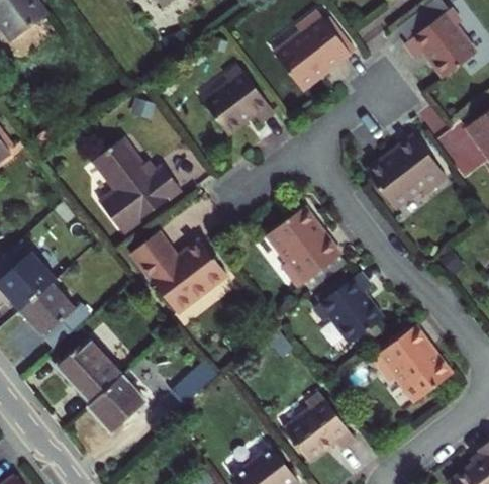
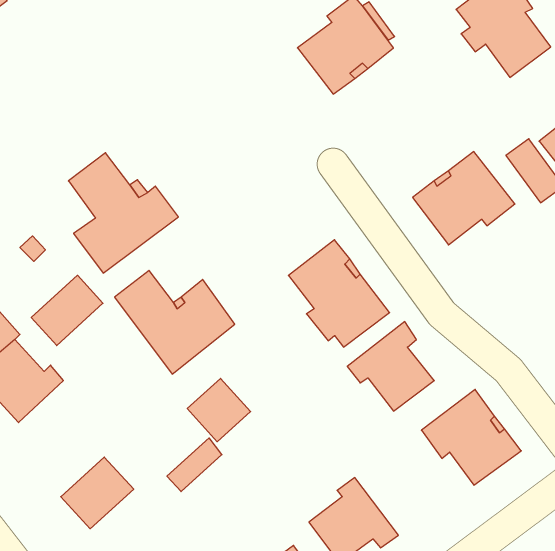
building: [204,68,274,136] -> none
building: none -> [31,275,103,346]
building: none -> [187,378,251,442]
building: [58,338,123,408] -> none

